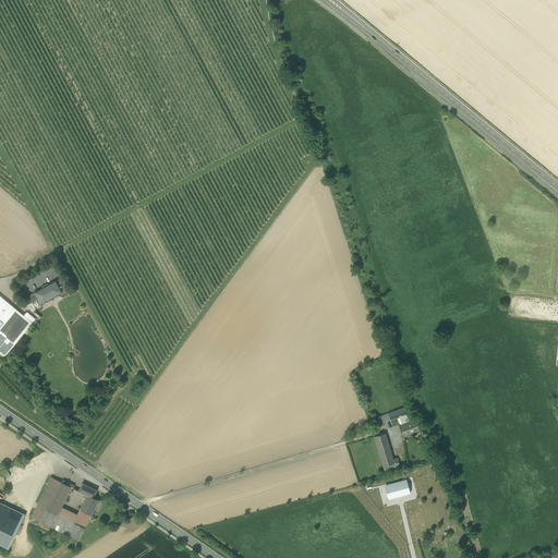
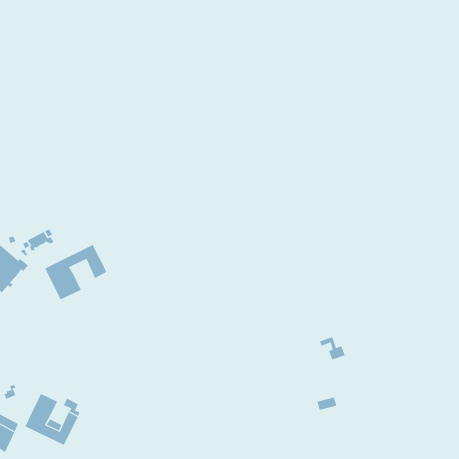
building: none -> [44,244,107,300]
building: [372,433,399,473] -> none

